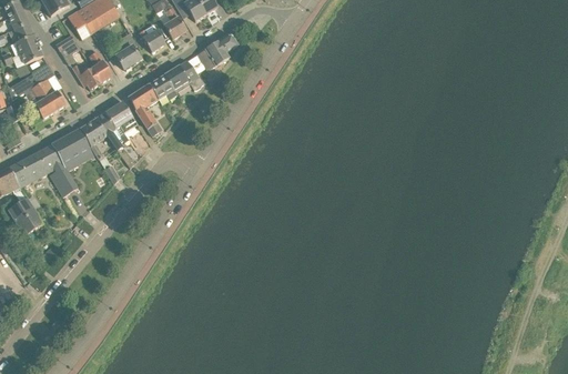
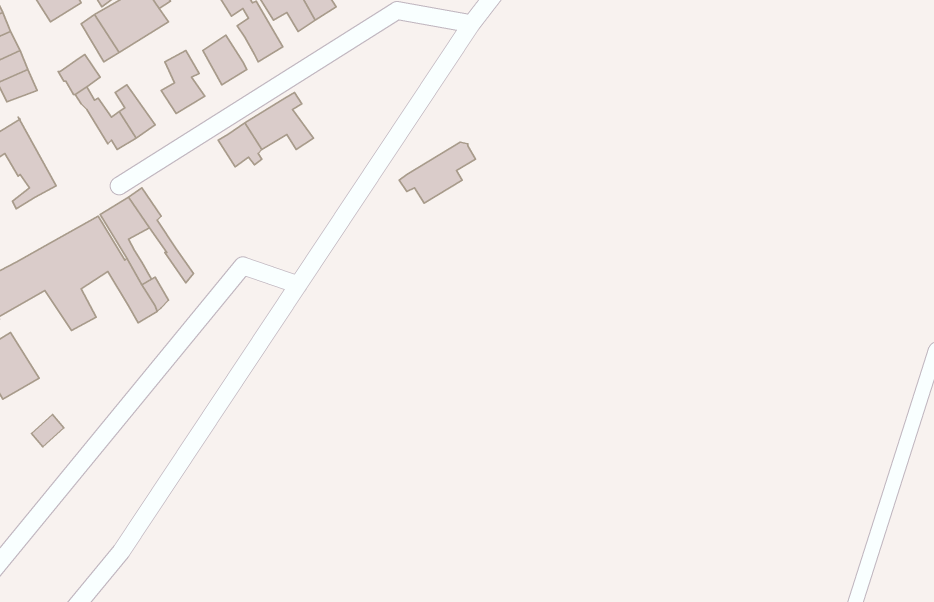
building: [193,34,237,70] -> [399,142,476,203]
building: [32,62,65,111] -> none
building: [128,83,162,135] -> none
building: [104,101,138,132] -> none

